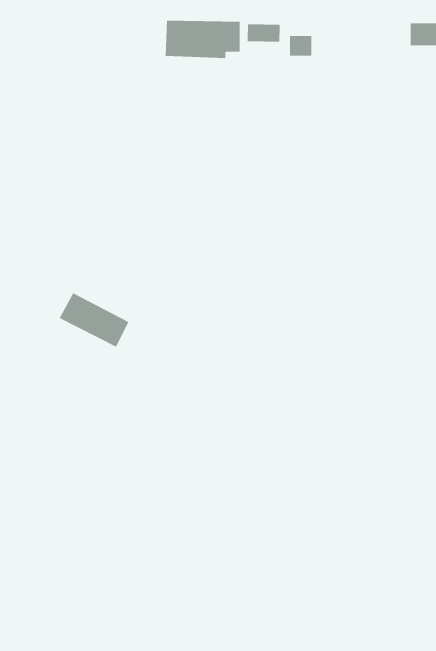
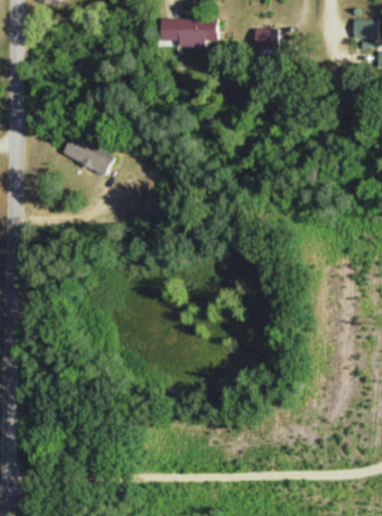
building: [247,24,280,43] -> none
building: [59,292,129,348] -> [62,133,118,176]

